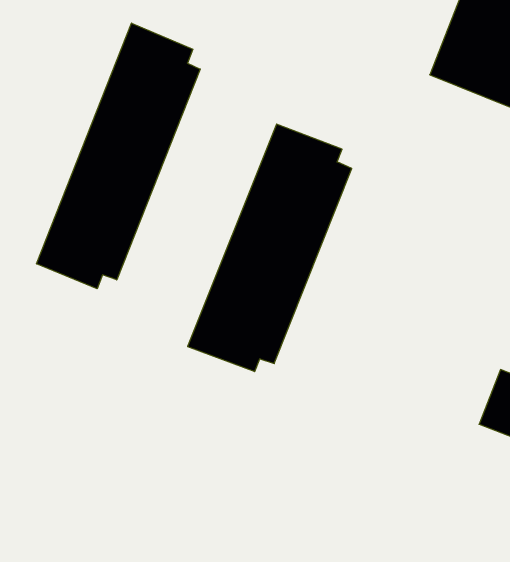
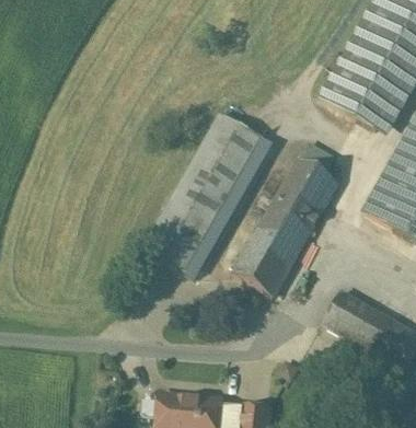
building: [37,23,200,289] -> none
building: none -> [233,157,338,293]

